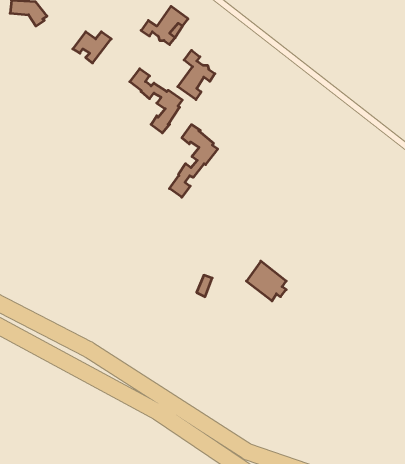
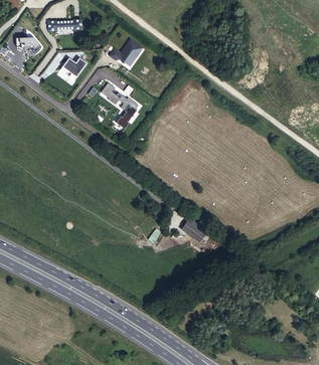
building: [178,50,215,100] -> none
building: [169,125,218,197] -> none

